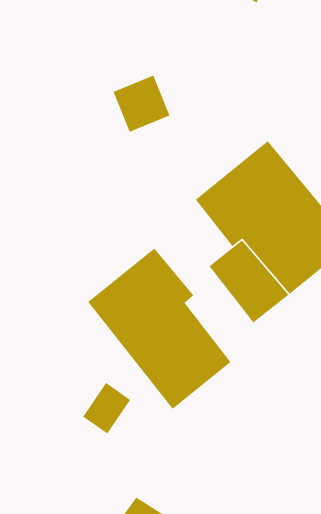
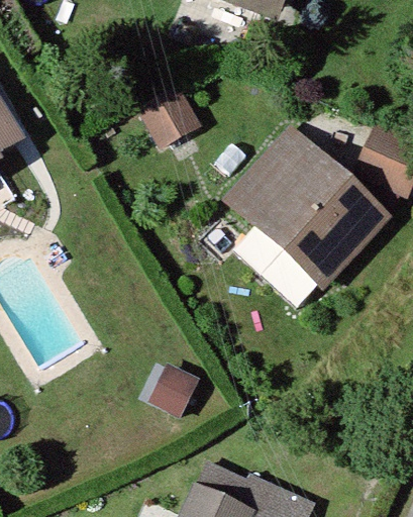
building: [87,248,231,410] -> none

